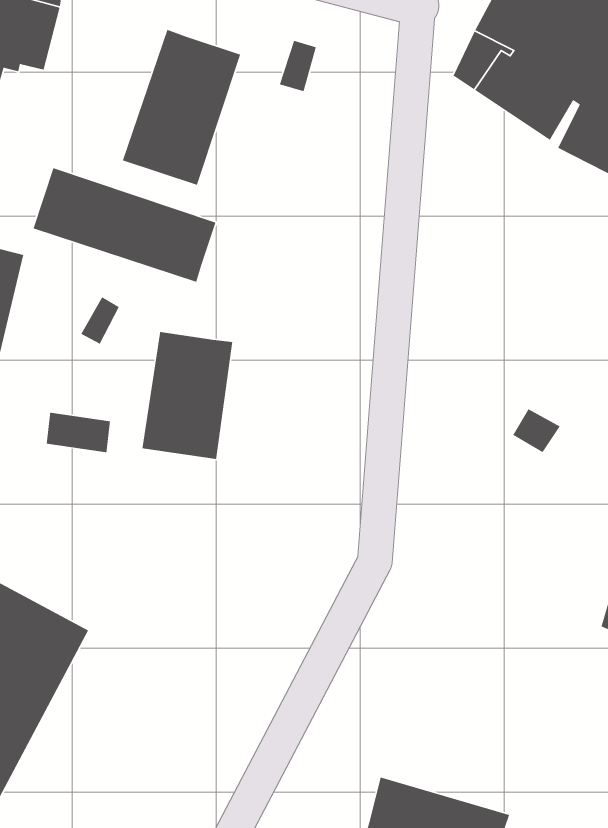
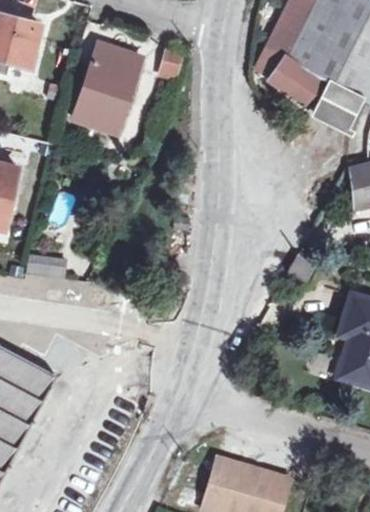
building: [32,167,216,283] -> none
building: [142,331,233,460] -> none

